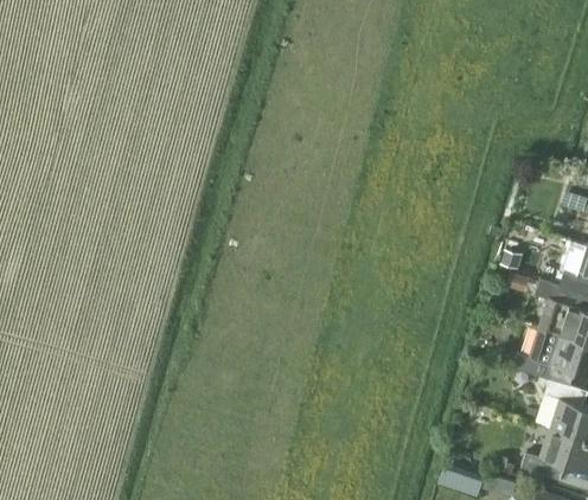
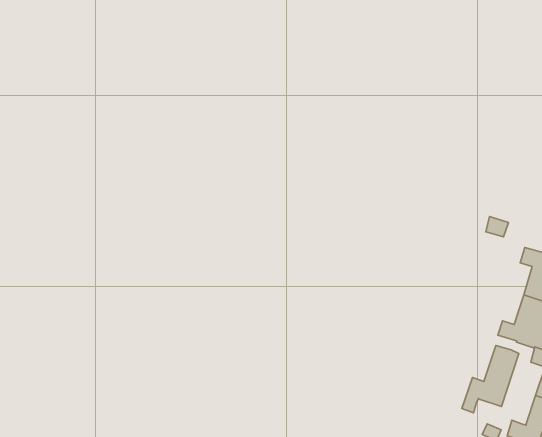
building: none -> [462,345,519,413]

